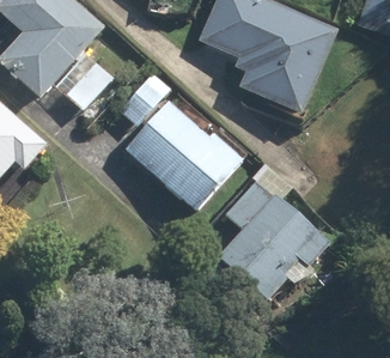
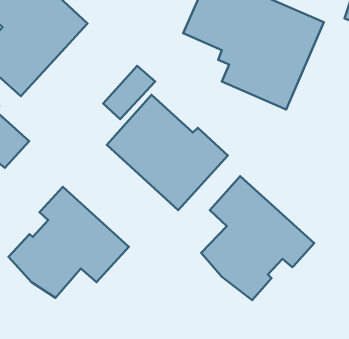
building: none -> [9,187,129,298]

